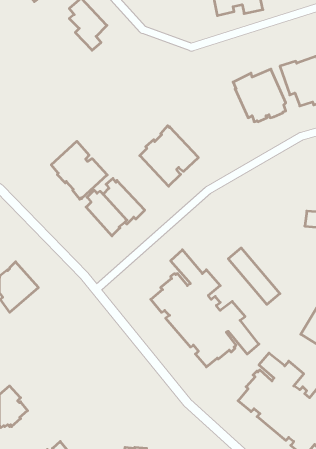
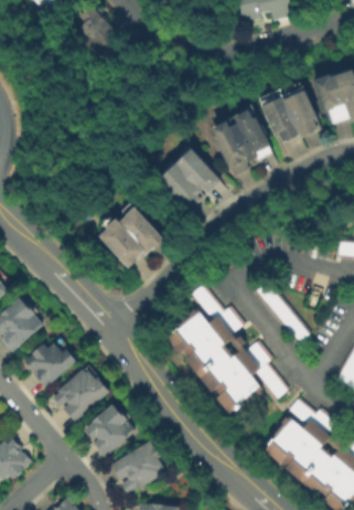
building: none -> [213,105,273,174]
building: [51,141,107,199] -> none
building: none -> [25,342,77,387]
building: none -> [54,368,110,422]
building: none -> [84,404,137,457]
building: none -> [111,440,164,492]

